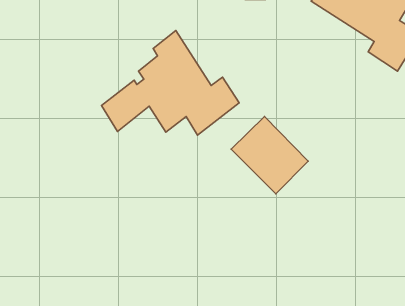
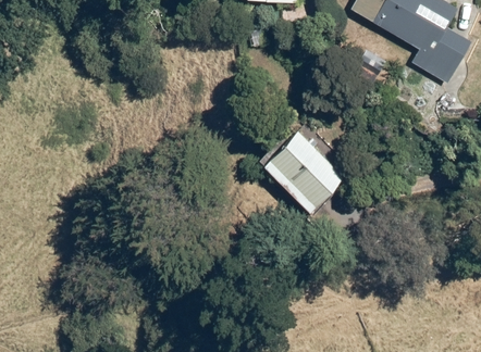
building: [102,31,239,135] -> none

